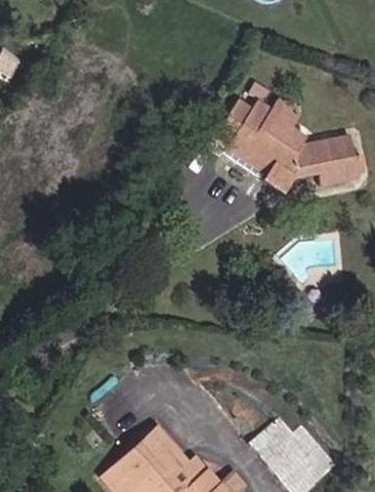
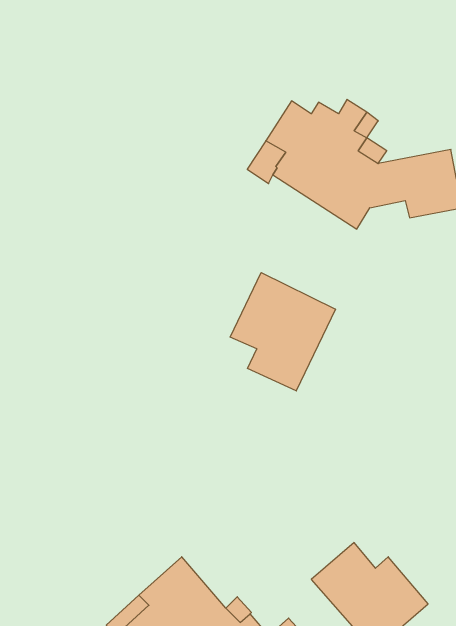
building: none -> [230,273,335,391]

